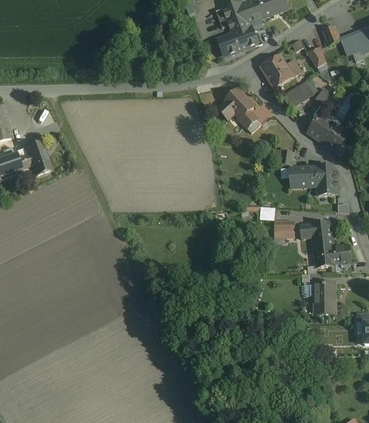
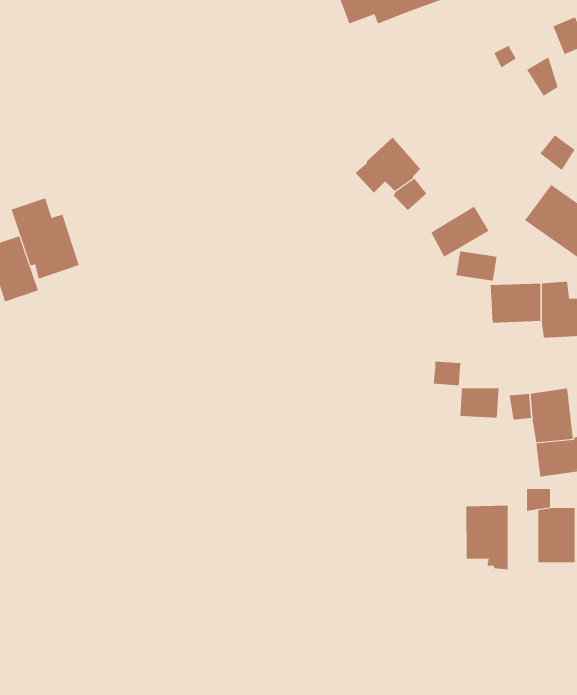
building: [221,22,257,54] -> none
building: [260,54,301,88] -> none
building: [283,80,314,107] -> [431,206,490,257]
building: none -> [11,198,79,279]
building: none -> [466,505,508,570]

